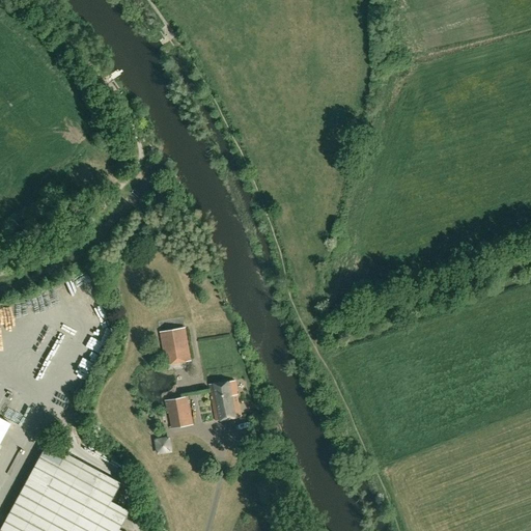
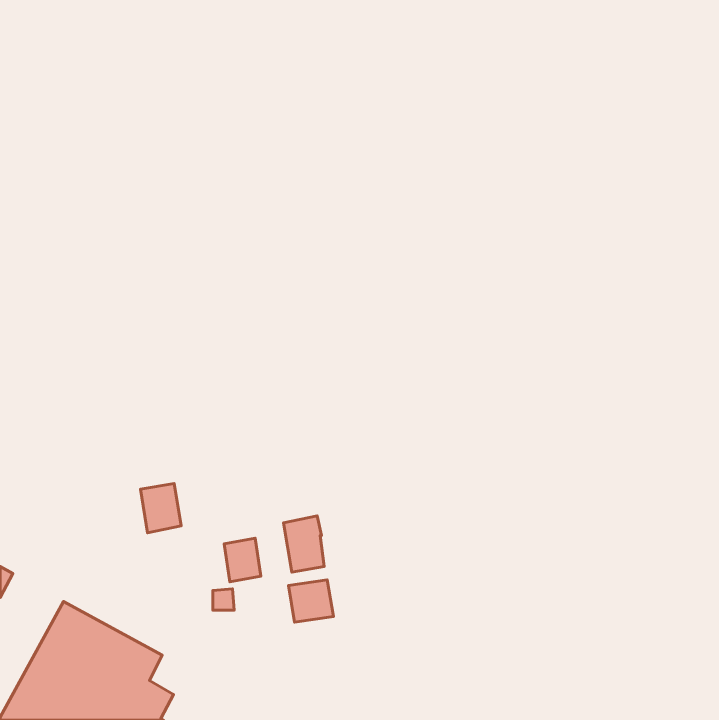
building: [161,328,191,364] -> [140,484,181,533]
building: none -> [288,580,334,622]

